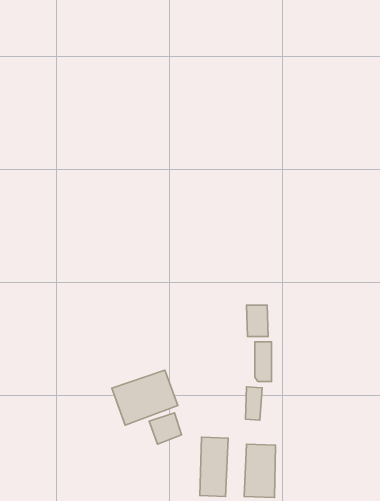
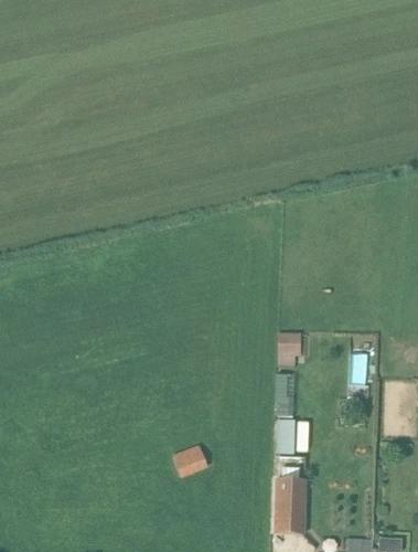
building: [112,370,178,425] -> none
building: [200,437,228,496] -> none

